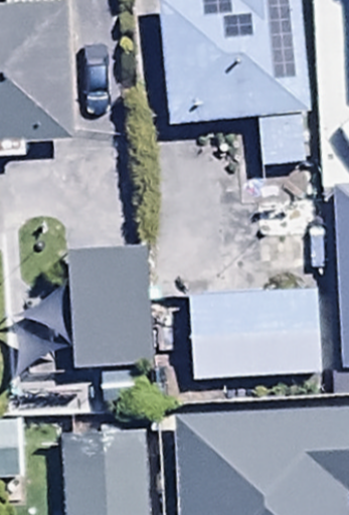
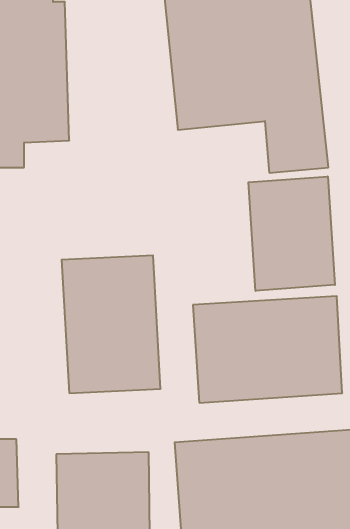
building: none -> [248,176,335,291]

